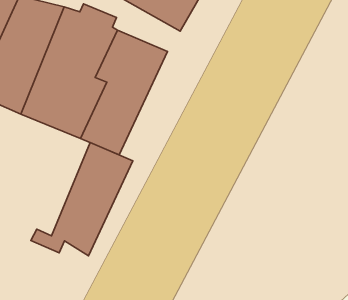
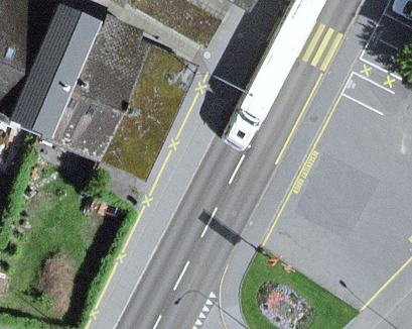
building: [31,142,133,256] -> none

